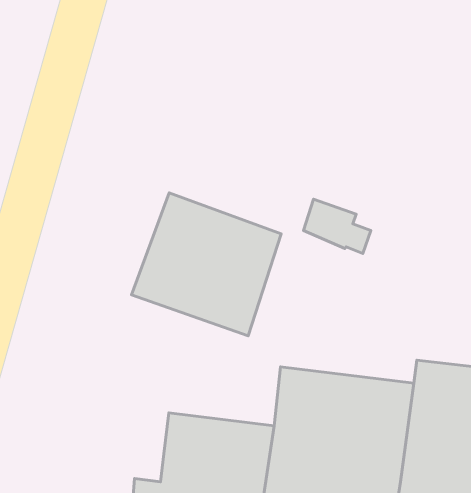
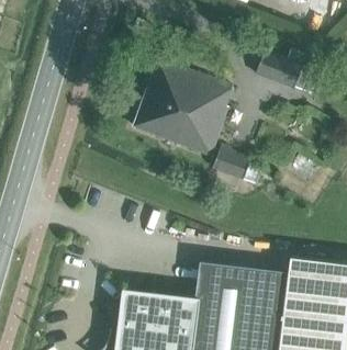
building: none -> [256,53,302,89]
building: [132,193,281,336] -> [133,59,233,155]

